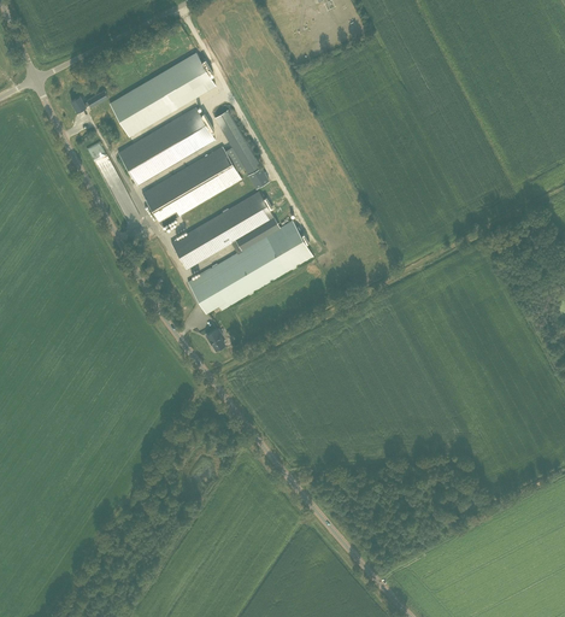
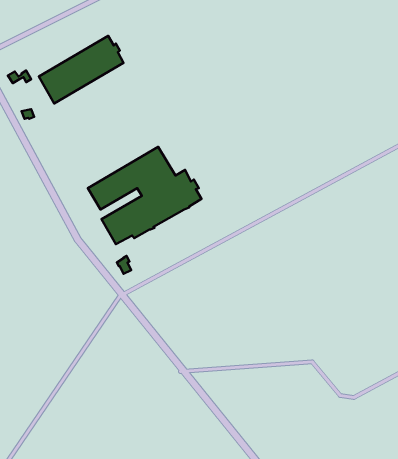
building: [117,106,214,184] -> none
building: [141,110,269,225] -> none

